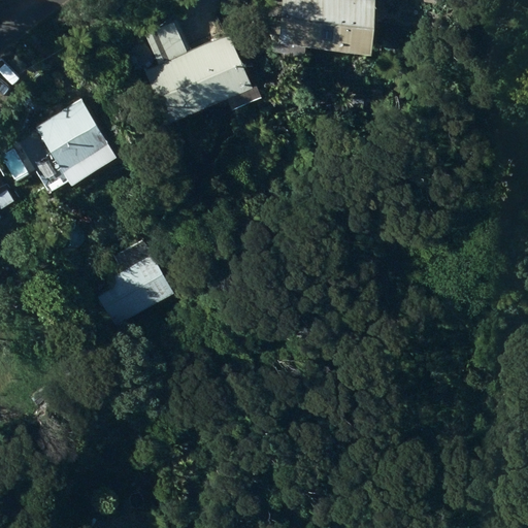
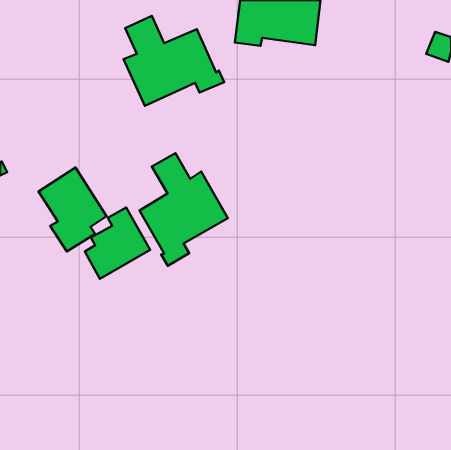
building: [30,87,109,185] -> [39,168,107,251]
building: none -> [139,153,228,266]

